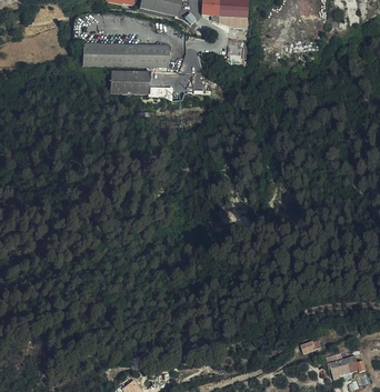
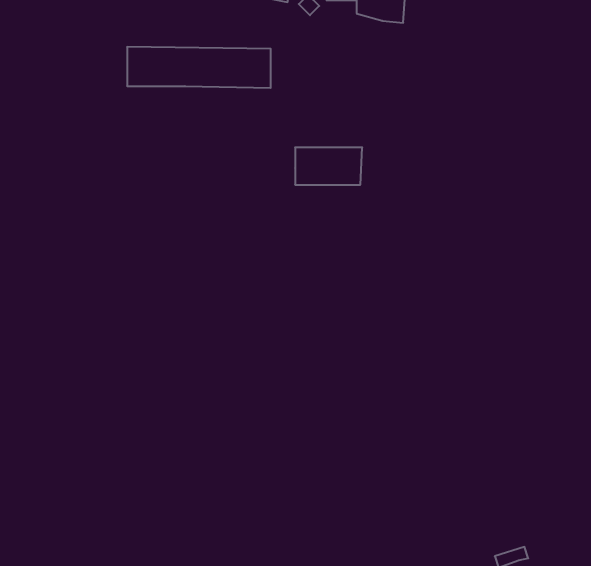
building: [110,70,150,92] -> [295,147,362,185]

